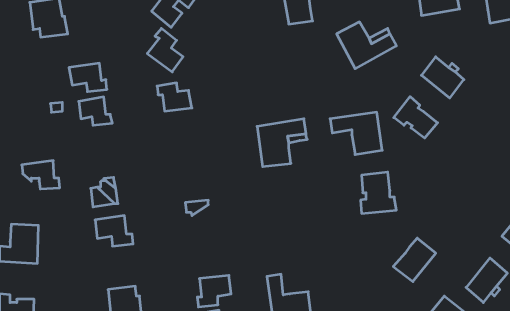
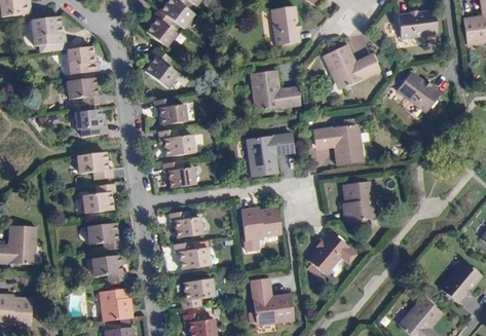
building: none -> [67,46,98,75]
building: none -> [248,69,298,110]
building: [394,97,438,138] -> none
building: none -> [154,128,190,157]
building: none -> [160,161,193,187]
building: [22,161,60,189] -> [74,154,110,181]
building: none -> [244,208,283,241]
building: none -> [183,213,208,235]
building: none -> [181,240,216,268]
building: [393,238,436,282] -> [308,232,348,273]
building: none -> [96,257,130,284]

